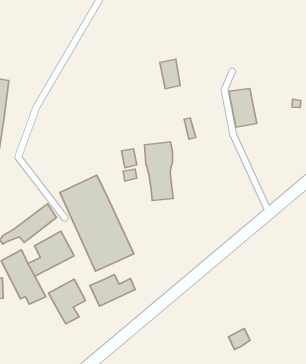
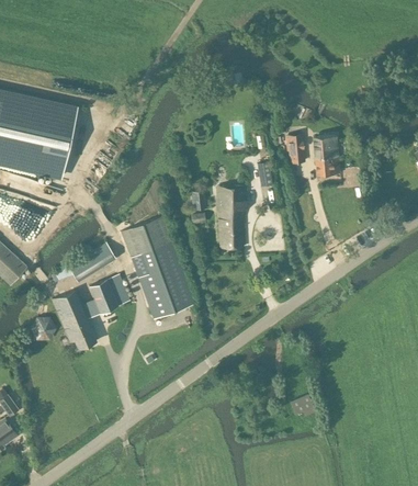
building: [160,59,180,89] -> [285,134,305,165]
building: [90,274,135,306] -> none
building: [48,279,86,324] -> none

